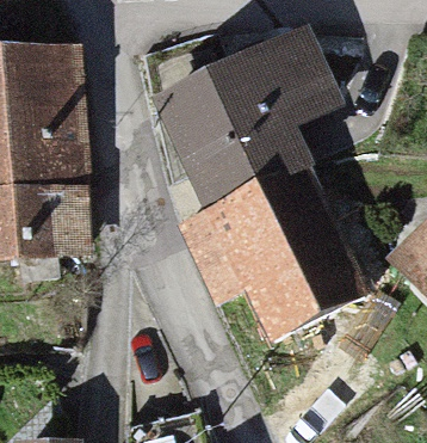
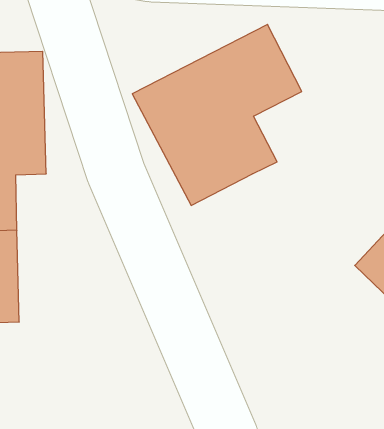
building: [205,181,352,346] -> none

